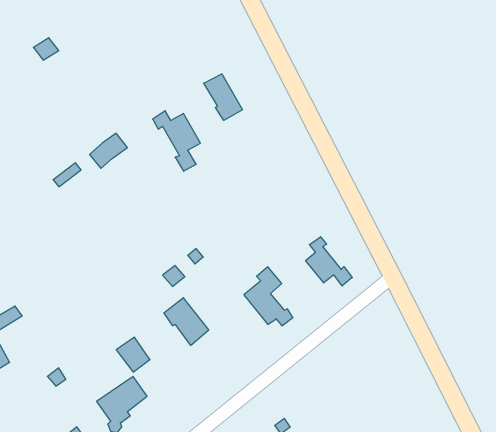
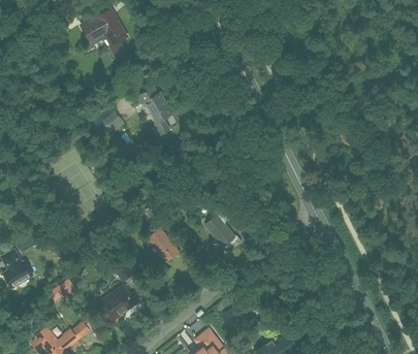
building: none -> [81,14,127,58]
building: [204,74,242,120] -> none
building: [306,237,352,286] -> none

